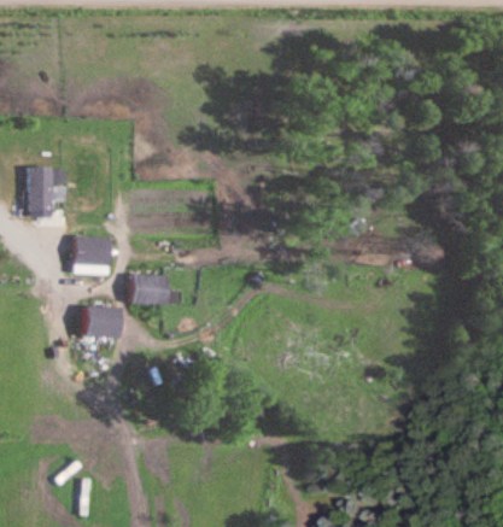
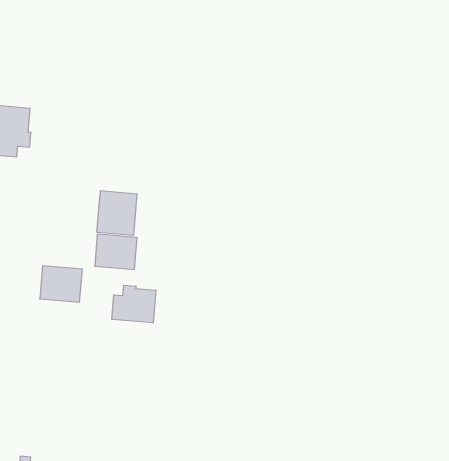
building: [75,238,109,275] -> [97,191,137,235]
building: none -> [112,285,156,323]

